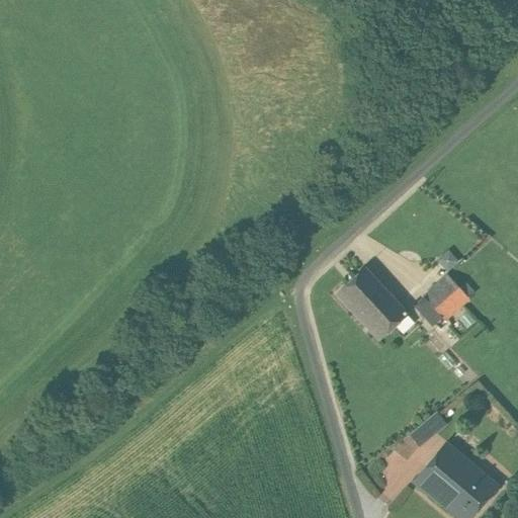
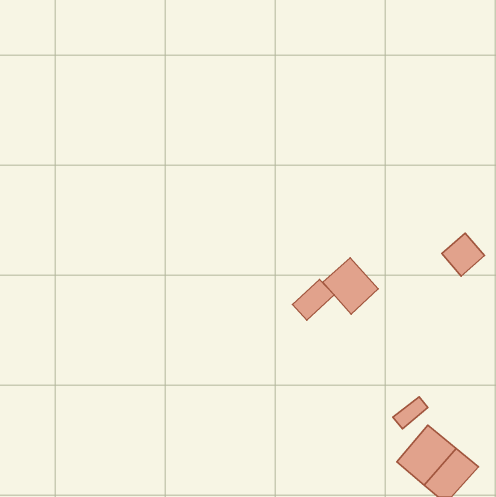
building: [424,275,468,320] -> [442,233,485,276]
building: [366,300,410,343] -> [292,279,334,320]

